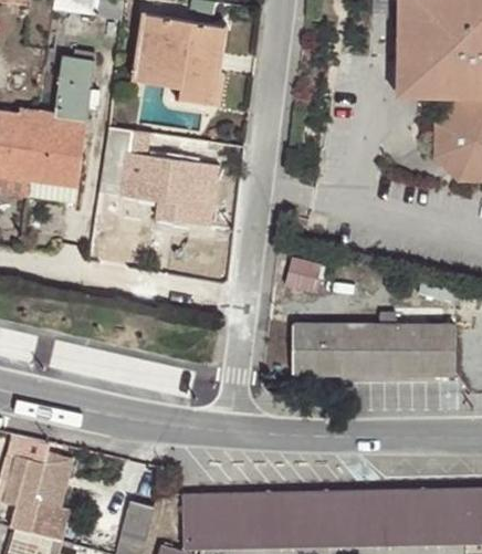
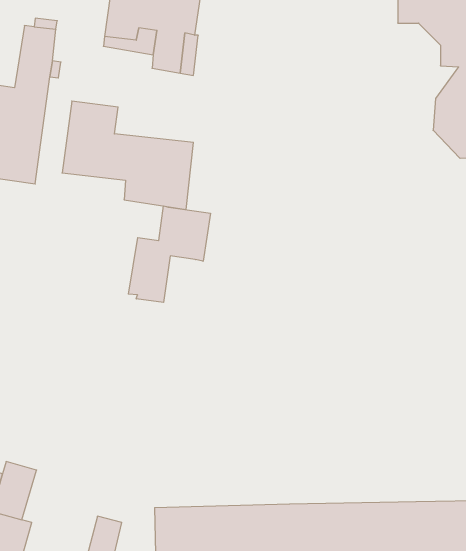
building: [404,55,442,94] -> none
building: none -> [128,206,210,302]
building: [284,254,322,291] -> none
building: [294,311,454,373] -> none

